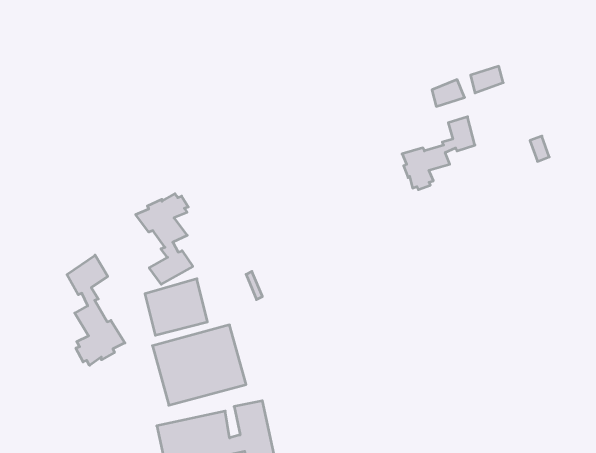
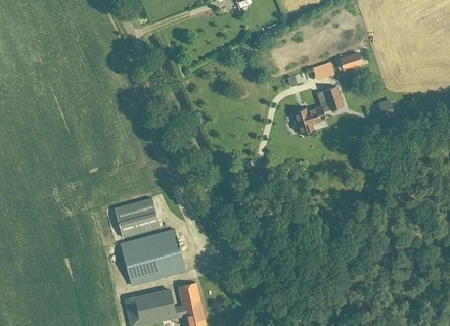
building: [136,194,193,284] -> none
building: [67,255,125,365] -> none

